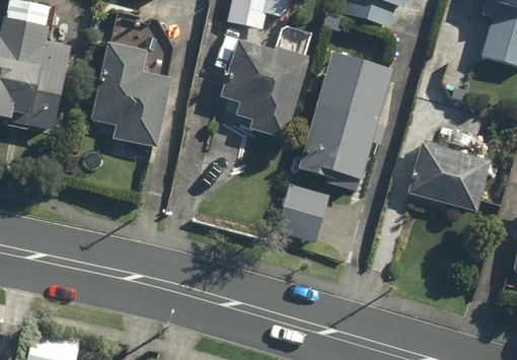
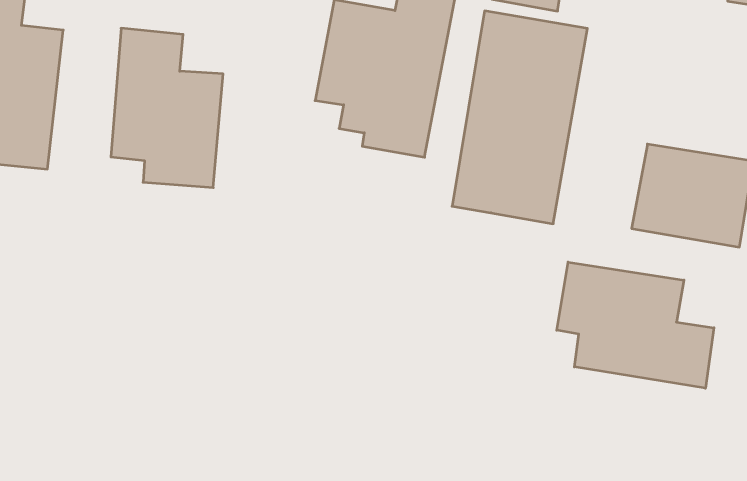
building: [277,182,328,241] -> none
building: none -> [557,262,714,388]

